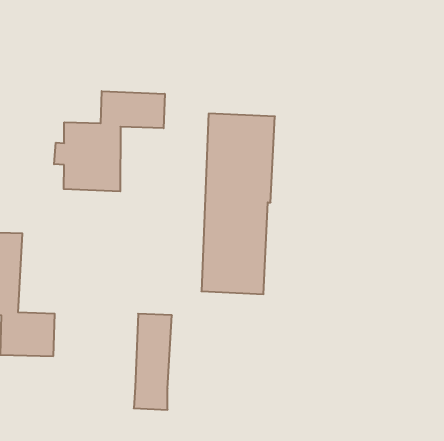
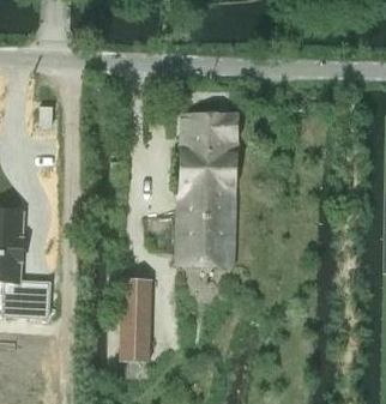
building: [54,91,165,191] -> none

